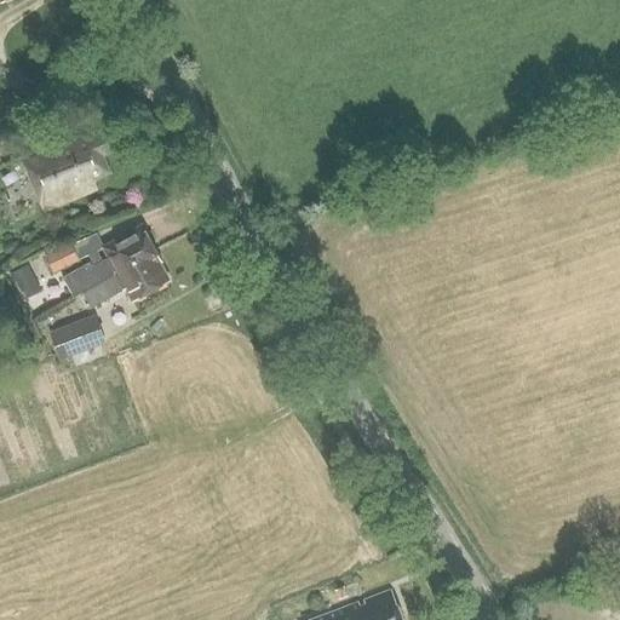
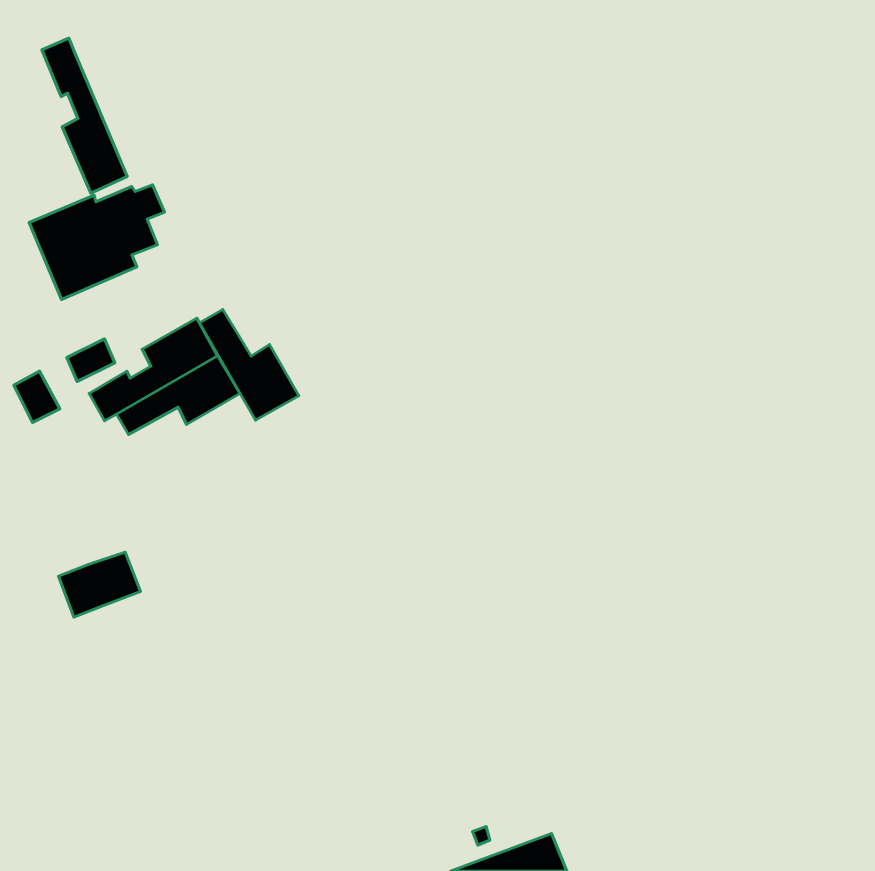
building: none -> [42,38,127,193]
building: none -> [199,309,299,420]
building: [48,314,107,360] -> [58,552,141,617]

